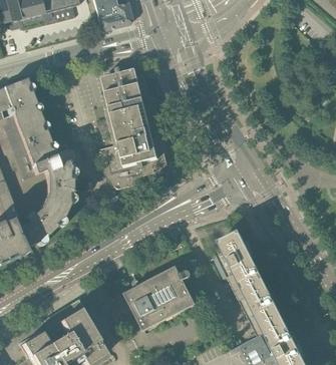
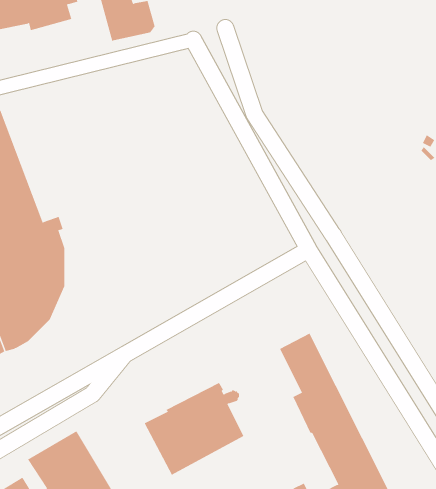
building: [100,70,166,189] -> none

